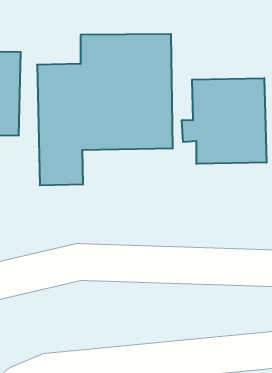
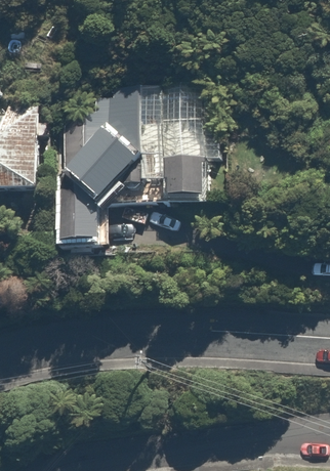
building: [182,78,267,164] -> none

